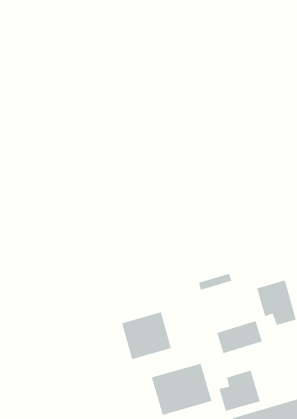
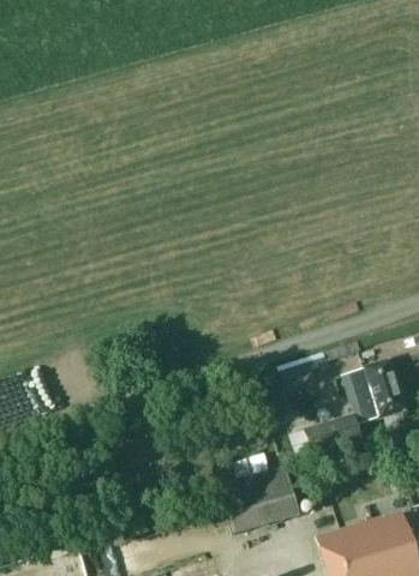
building: [121,311,172,360] -> none
building: [219,370,261,412] -> none

